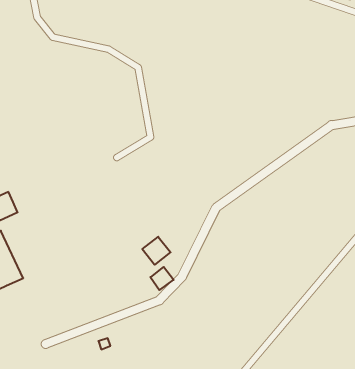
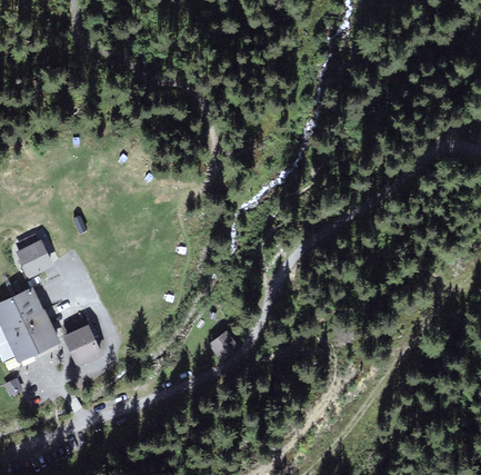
building: [142,237,171,265] -> none
building: none -> [63,325,98,362]

